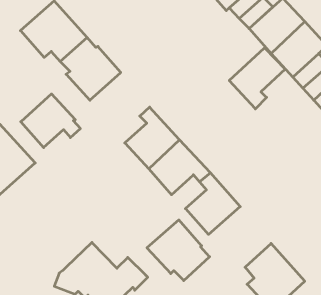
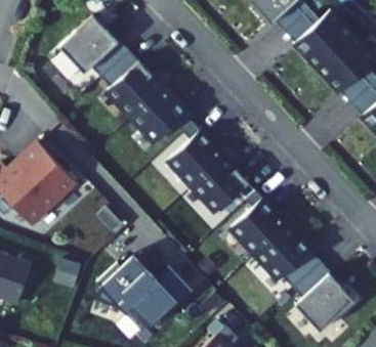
building: [229,48,285,109] -> none
building: [21,94,80,148] -> [131,86,193,141]
building: [147,220,210,281] -> [253,224,318,287]

